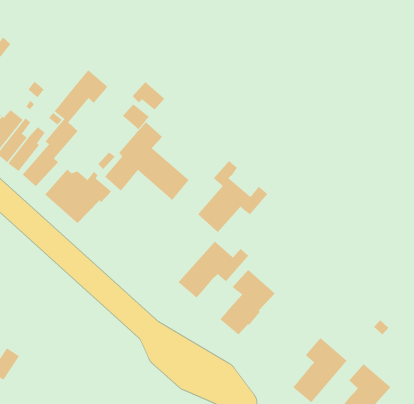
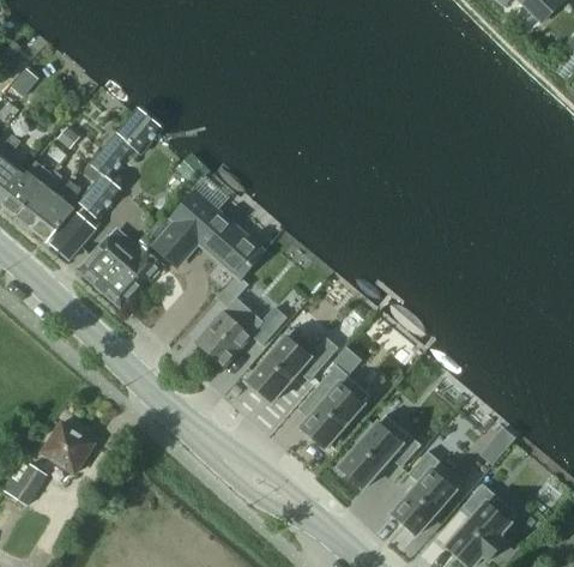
building: [132,81,165,111] -> none
building: [197,160,268,233] -> [195,275,285,367]
building: none -> [338,415,419,488]
building: none -> [41,422,93,475]

